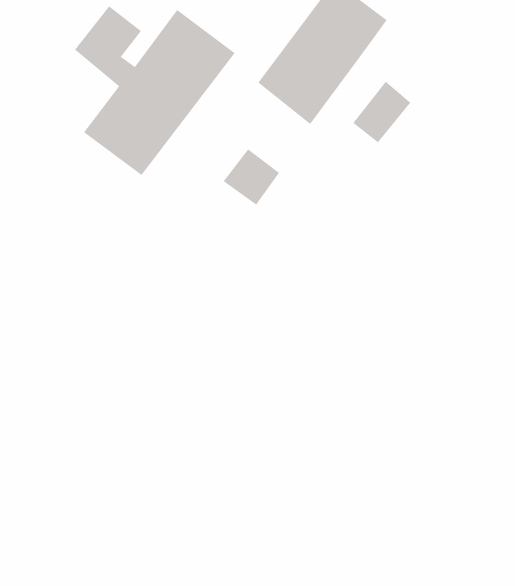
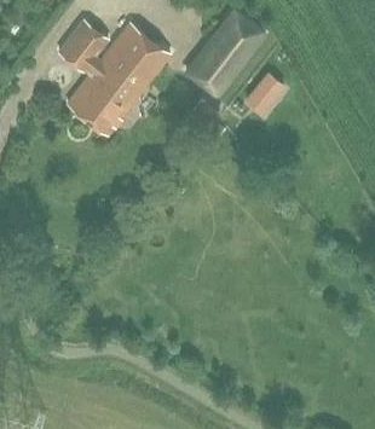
building: [223,148,280,205] -> none

